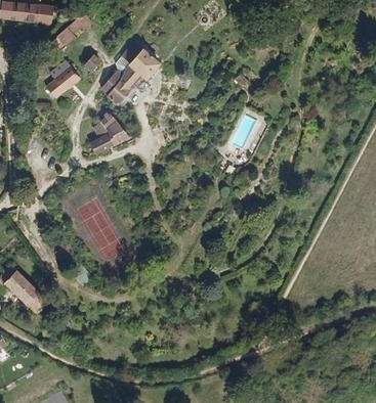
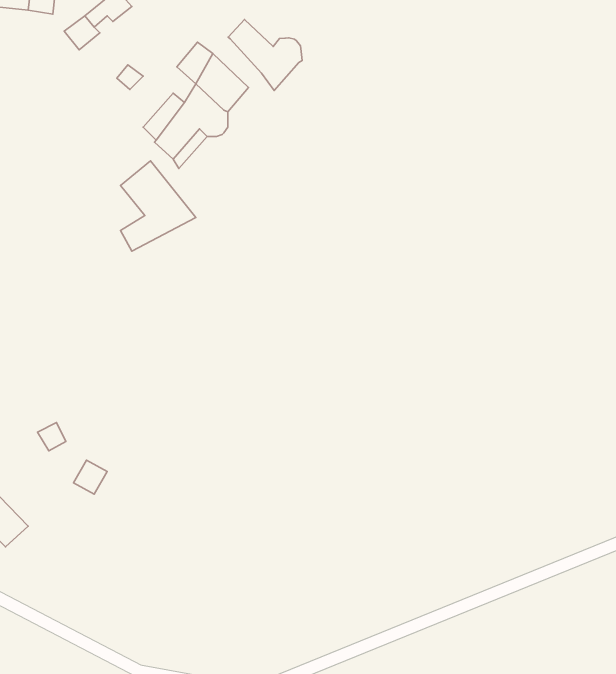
building: none -> [228,19,302,90]
building: [47,58,84,96] -> none

